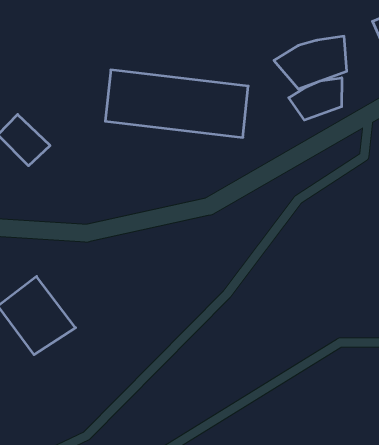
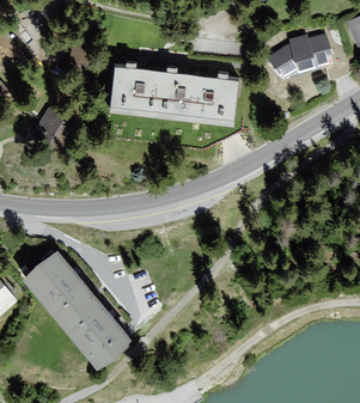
building: [289,78,342,120] -> none
building: none -> [49,293,122,368]

